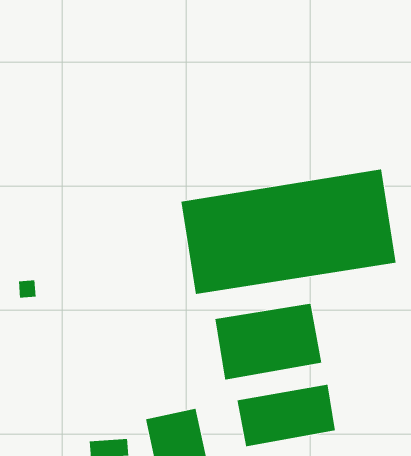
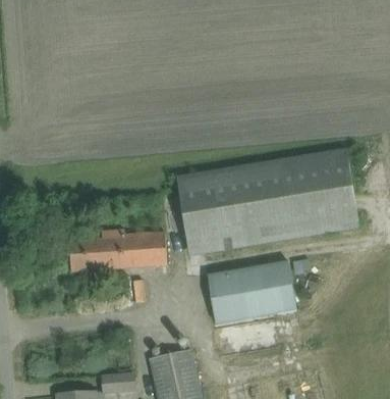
building: none -> [69,232,167,271]
building: [237,384,336,447] -> none

